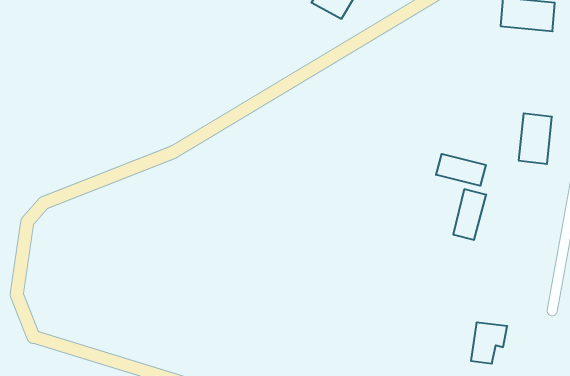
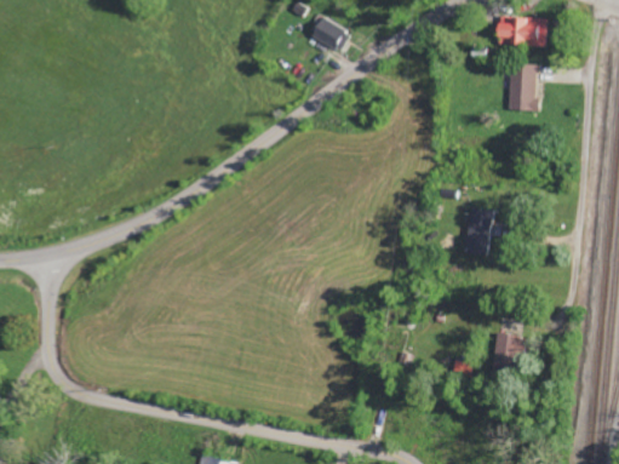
building: [519,113,552,164] -> [508,63,537,110]
building: [436,154,486,186] -> none

